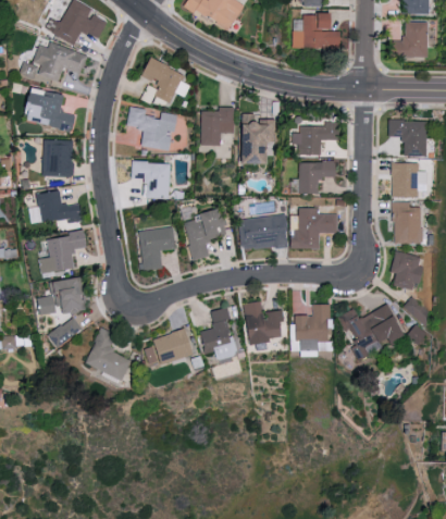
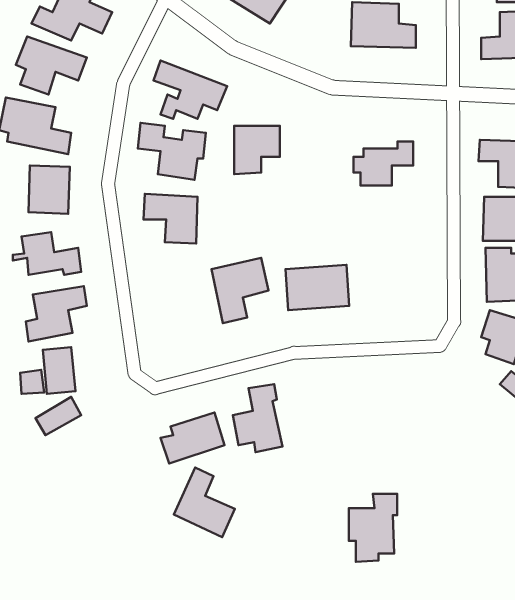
building: [236,113,277,164] -> none
building: [298,161,335,193] -> none
building: [295,208,338,249] -> none
building: [137,227,175,271] -> none
building: [244,300,285,345] -> none
building: [294,305,331,357] -> [349,494,397,562]
building: [340,305,404,359] -> none
building: [85,328,132,381] -> [174,468,235,537]

